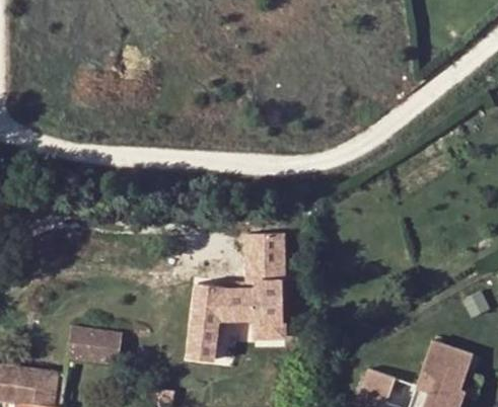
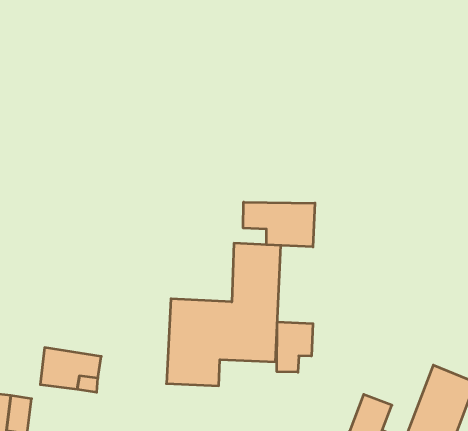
building: none -> [243,202,315,247]
building: none -> [277,322,313,372]

